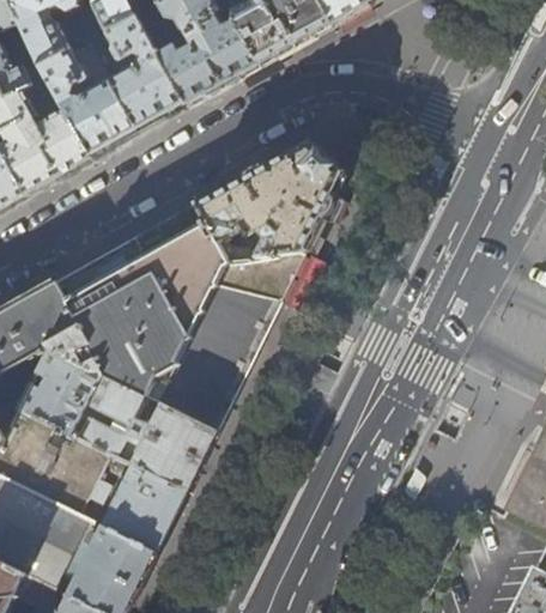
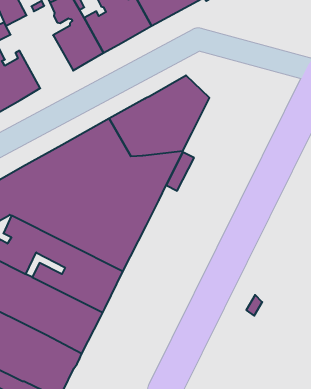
building: [37,49,138,158] -> none

